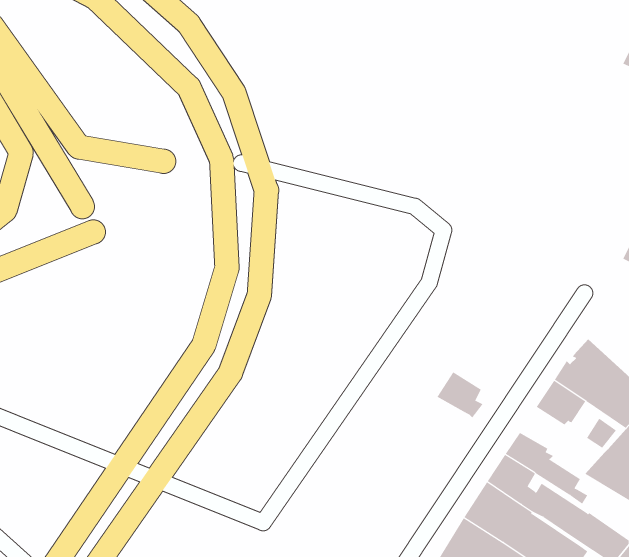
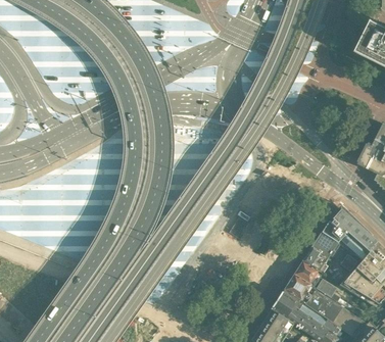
building: [436,372,483,419] -> [303,246,330,273]

